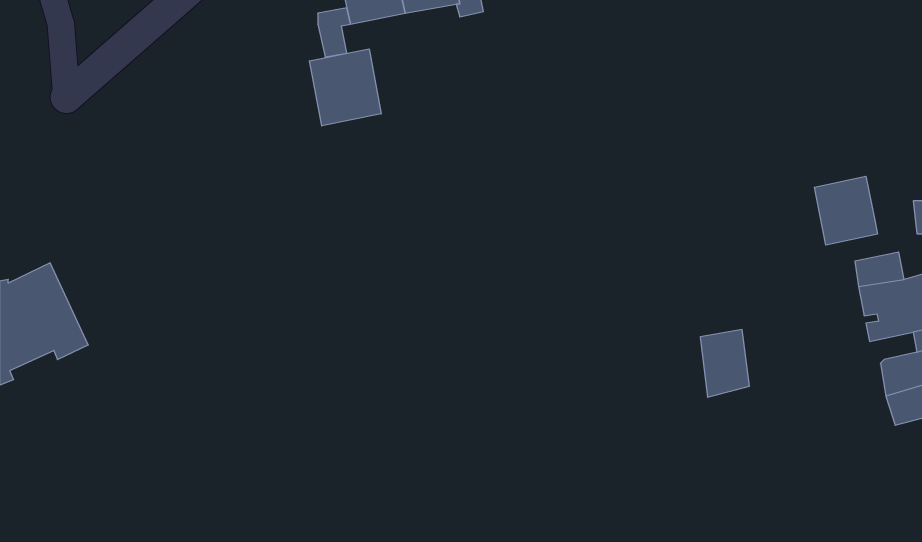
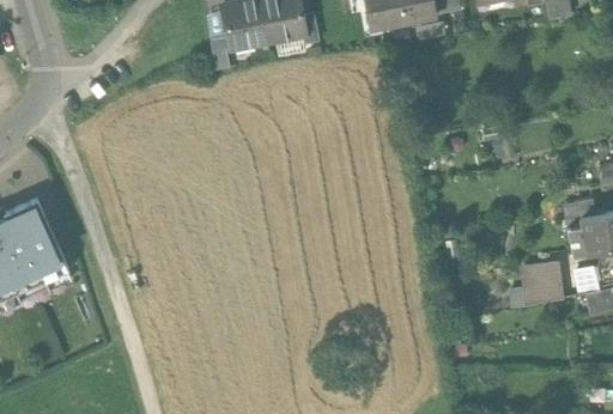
building: [310,49,381,126] -> none
building: [814,176,877,245] -> none
building: [700,330,749,397] -> [530,262,563,306]

